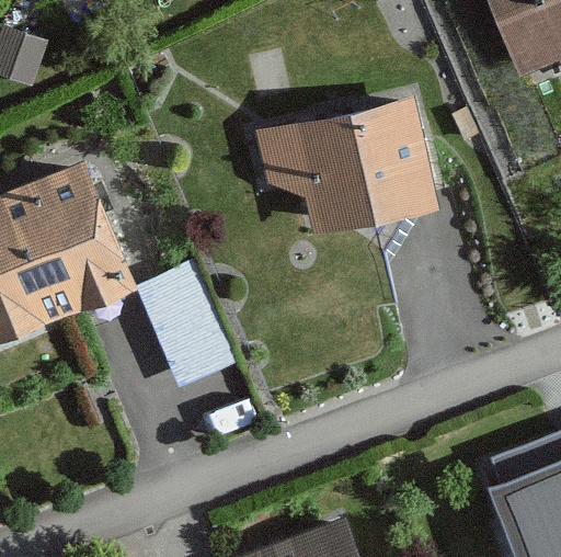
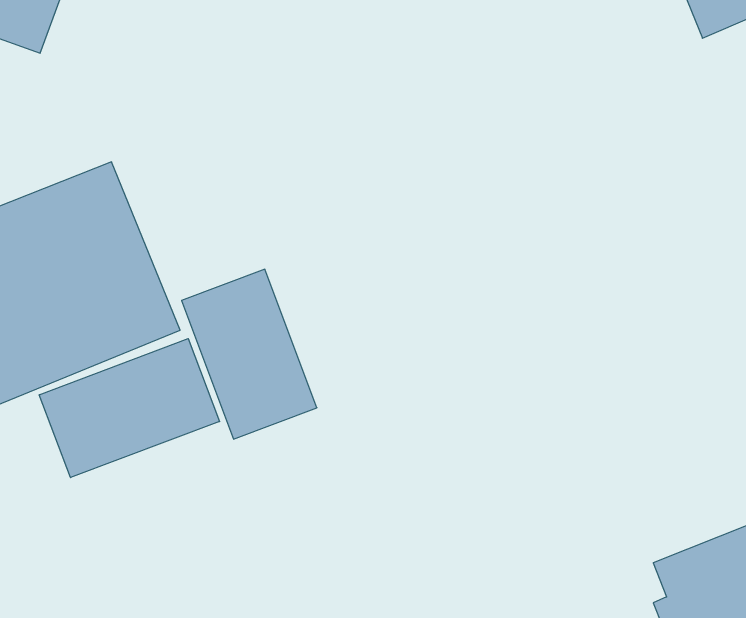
building: [252,102,436,237] -> none
building: none -> [39,339,220,478]

